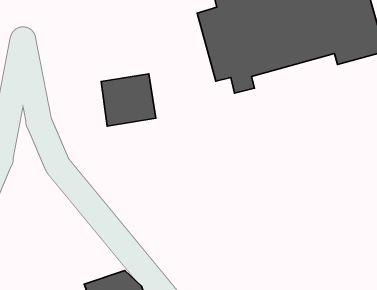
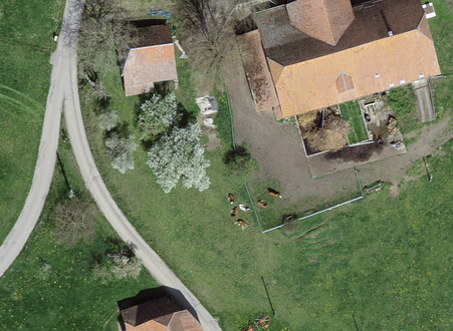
building: [101,74,156,126] -> [123,31,178,84]

